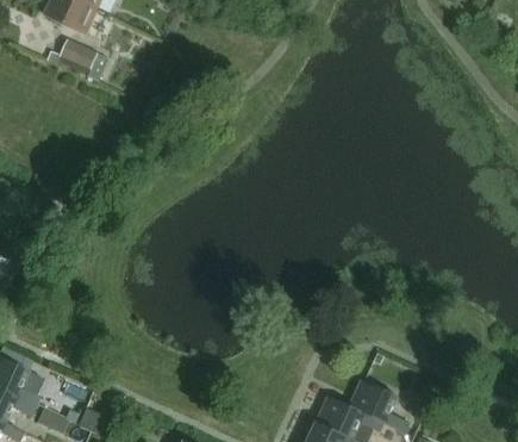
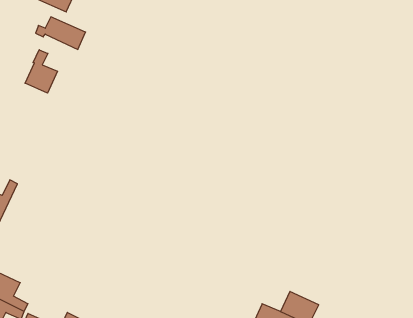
building: none -> [25,50,57,93]

